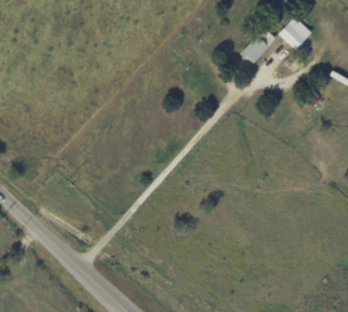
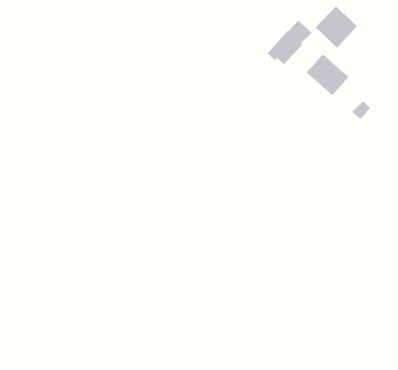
building: none -> [306,54,349,96]

